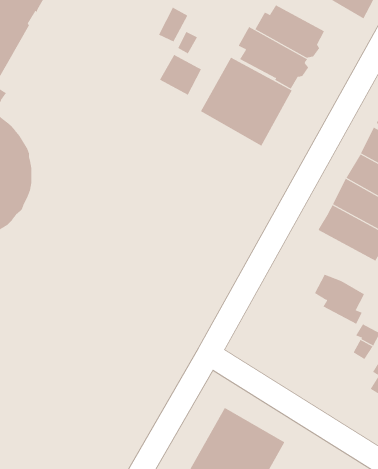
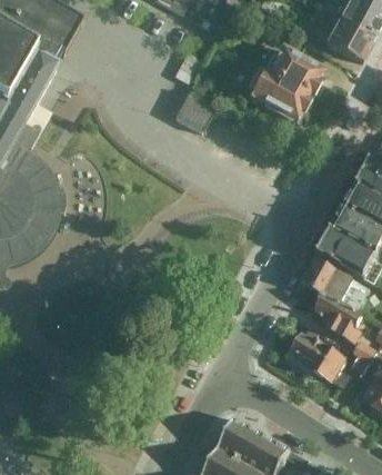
building: [200,57,293,146] -> none
building: none -> [305,259,354,301]
building: none -> [289,334,349,386]

